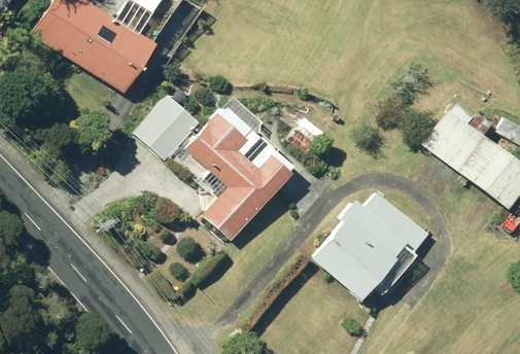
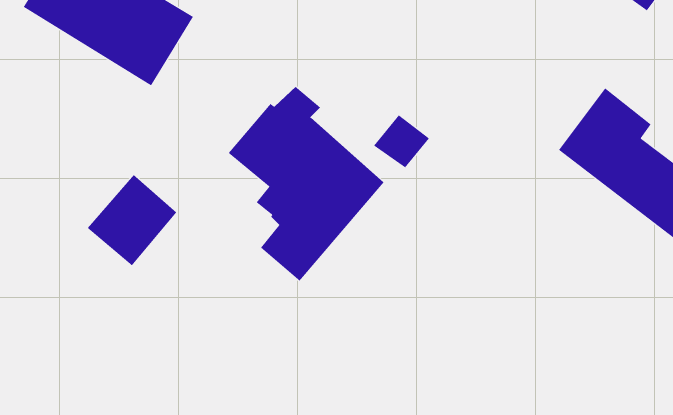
building: [133,94,199,161] -> [87,174,177,266]
building: [311,189,430,299] -> none

